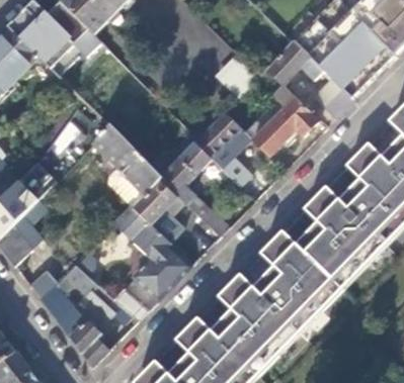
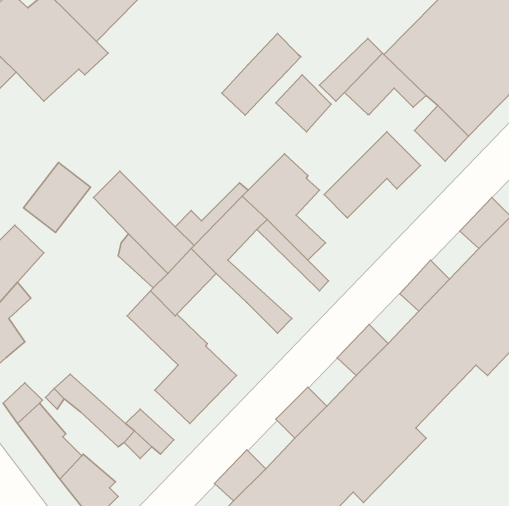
building: none -> [222,34,301,115]
building: [149,195,197,244] -> none

